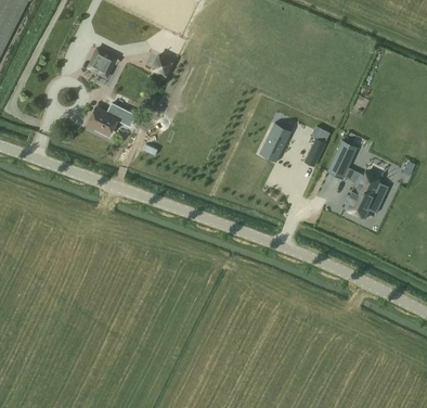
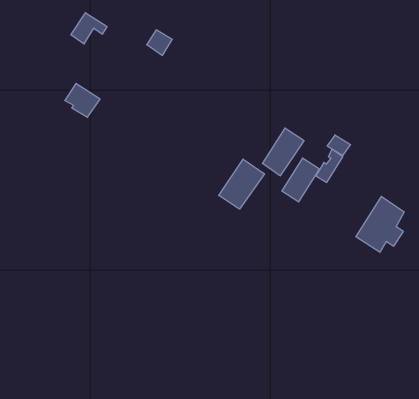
building: [327,140,357,177] -> [282,158,319,202]
building: none -> [219,159,265,209]

